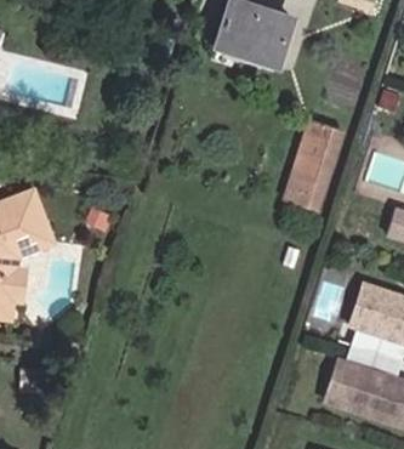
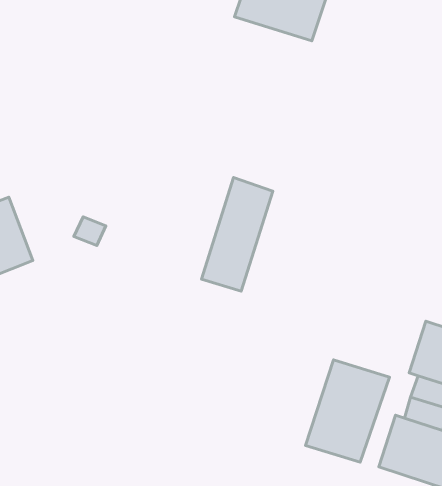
building: [286,119,343,210] -> [202,178,273,291]
building: none -> [305,360,389,462]

